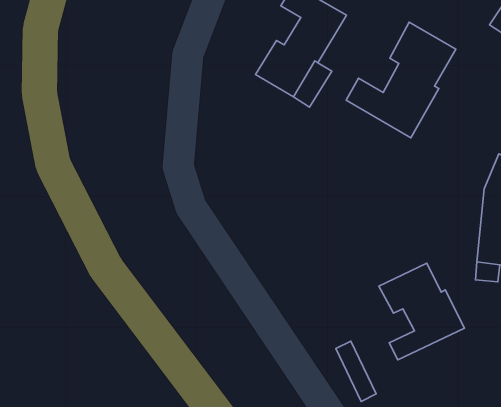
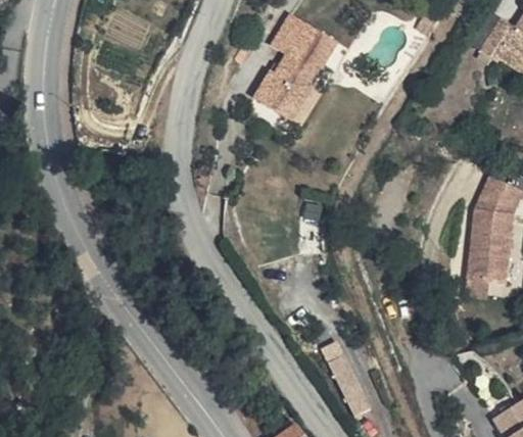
building: [346,22,456,138] -> none
building: [379,263,464,360] -> none

